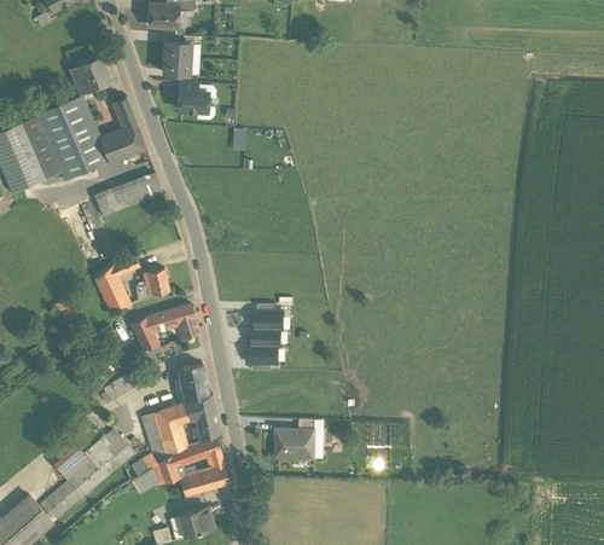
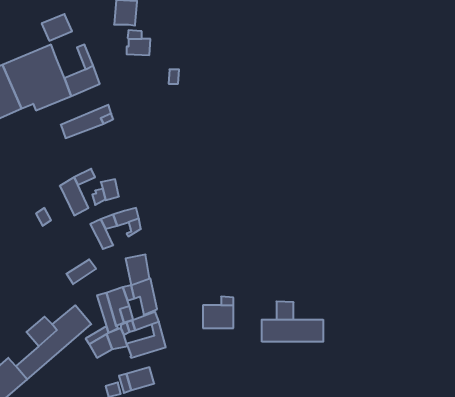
building: [248,311,281,363] -> none
building: none -> [262,320,323,342]

